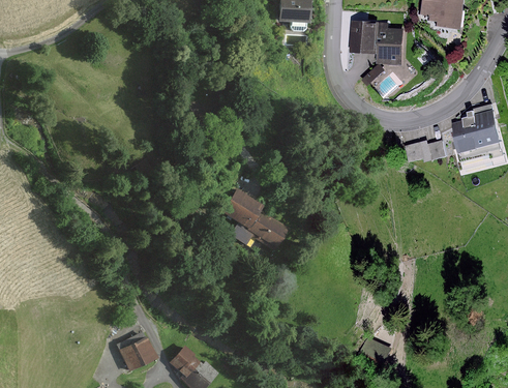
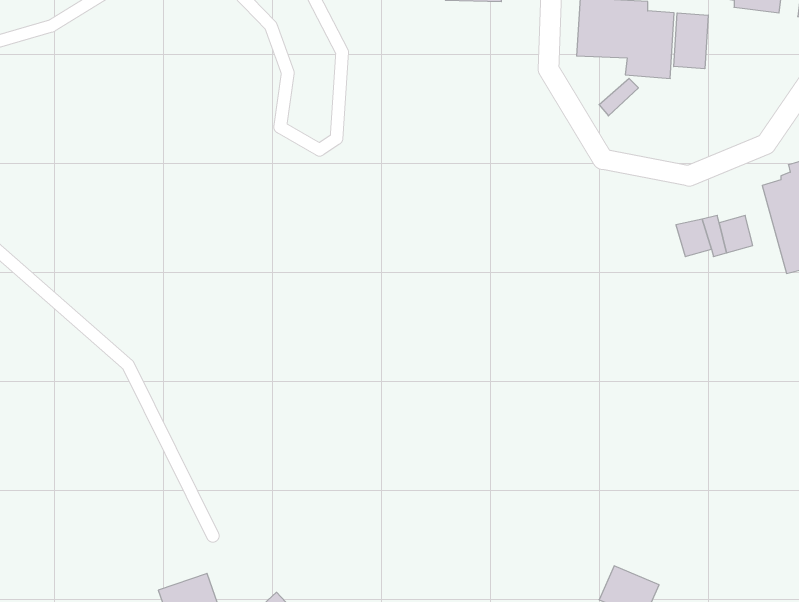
building: none -> [674,13,708,69]
building: [215,190,275,246] -> none

